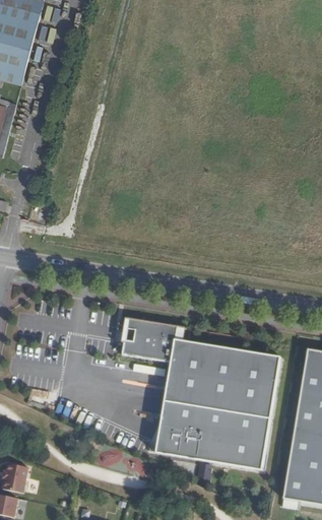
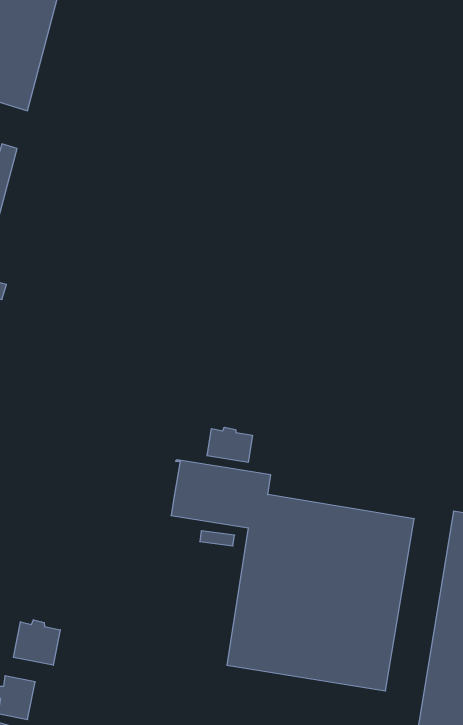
building: none -> [207,427,252,462]
building: none -> [13,620,60,665]

